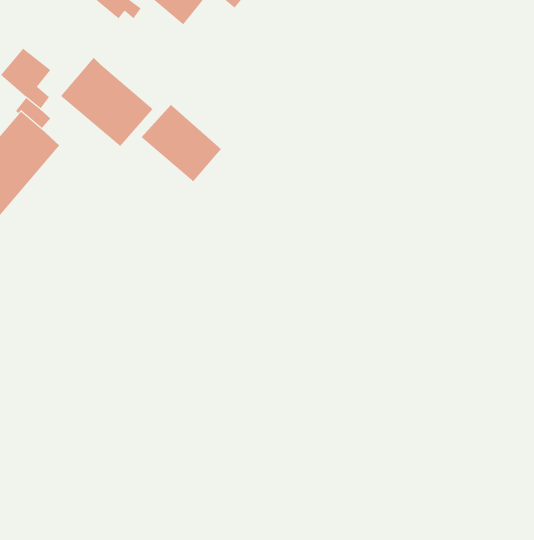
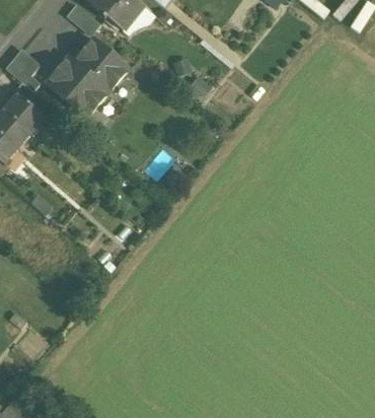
building: [141,104,222,182] -> [72,38,127,90]

